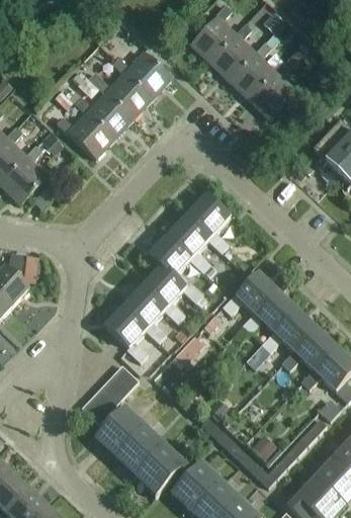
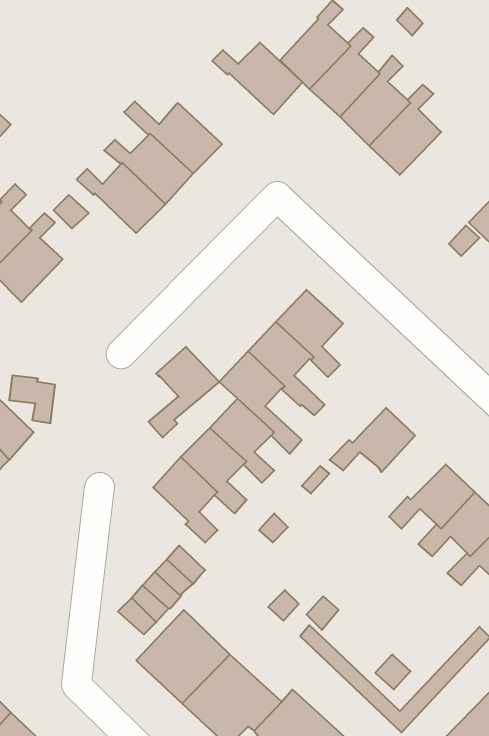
building: [110,51,170,98] -> [212,42,303,114]
building: none -> [149,347,219,438]
building: [242,290,298,333] -> none

